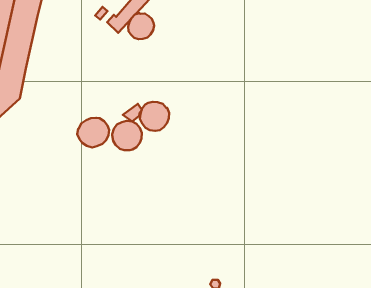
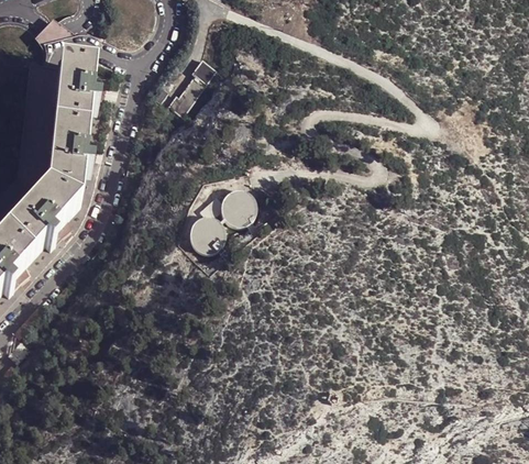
building: [128,13,154,39] -> none
building: [77,118,109,148] -> none

